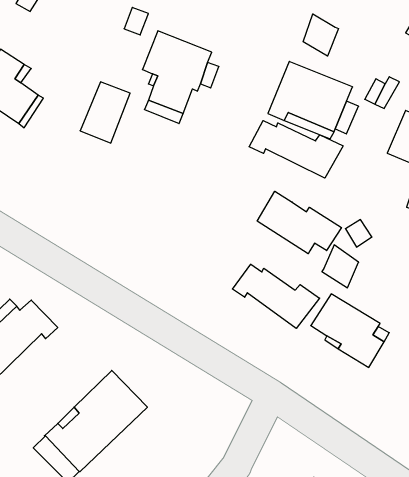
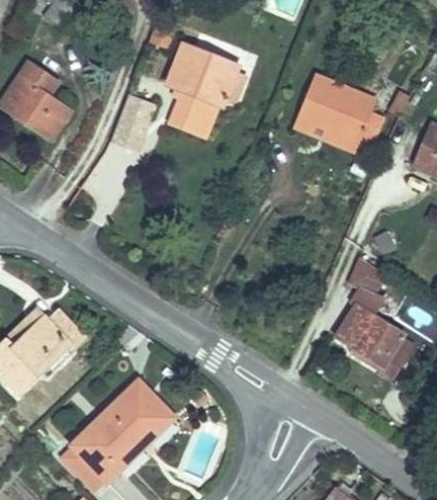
building: [303,14,339,56] -> none
building: [249,121,343,178] -> none
building: [257,191,341,254] -> none
building: [232,264,320,328] -> none

